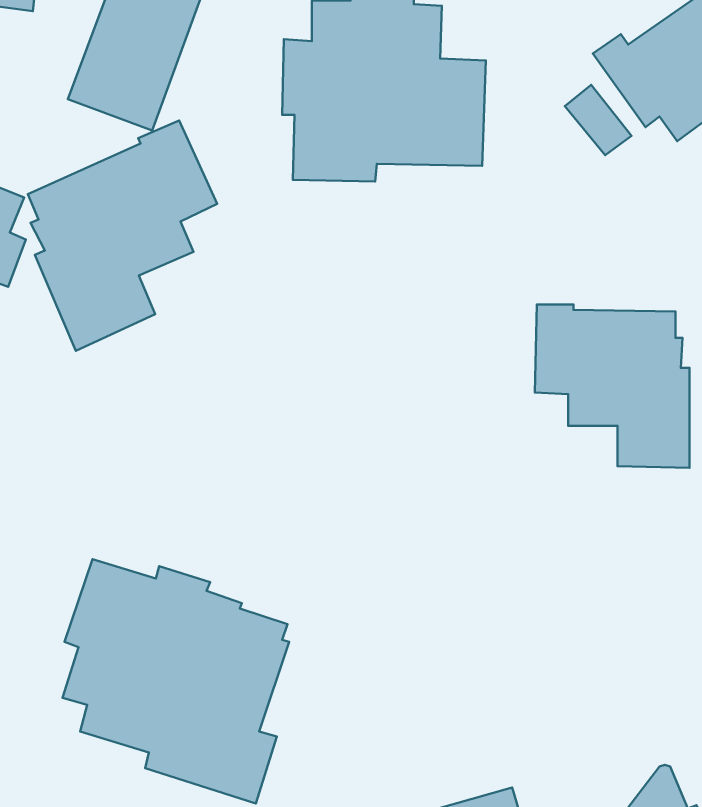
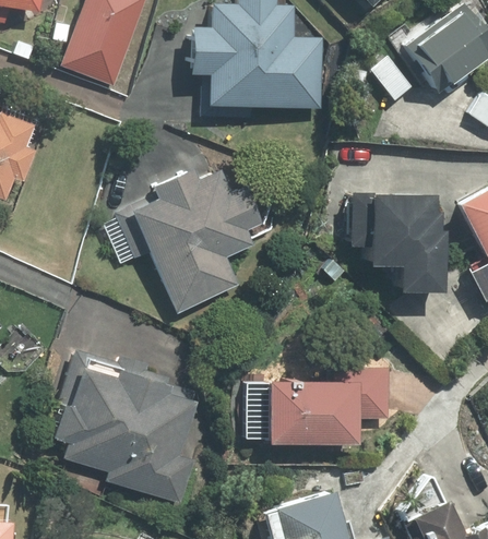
building: [28,120,217,351] -> none
building: none -> [104,171,265,312]
building: none -> [248,368,390,444]

